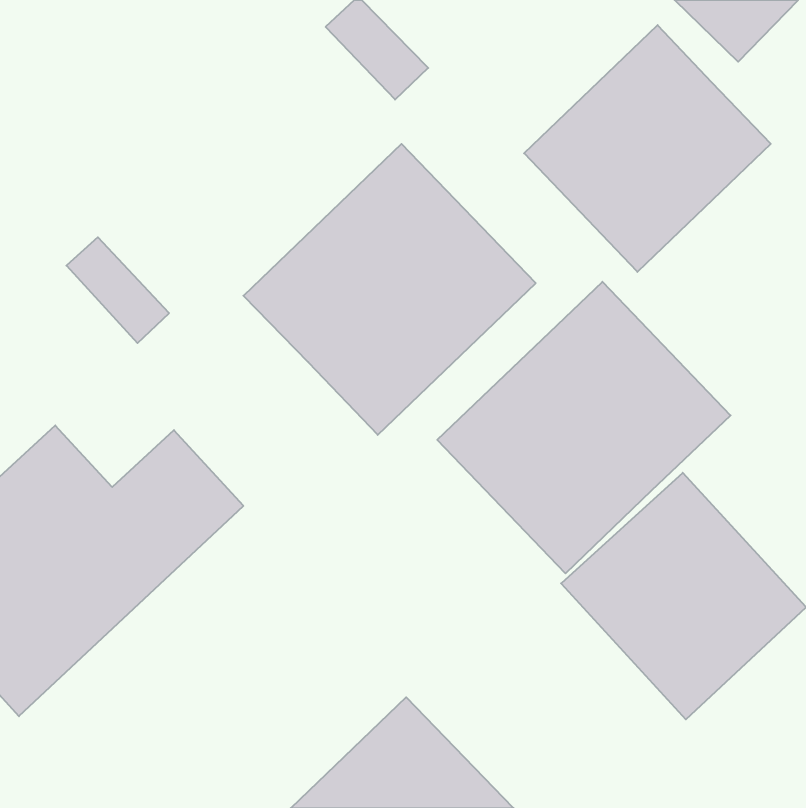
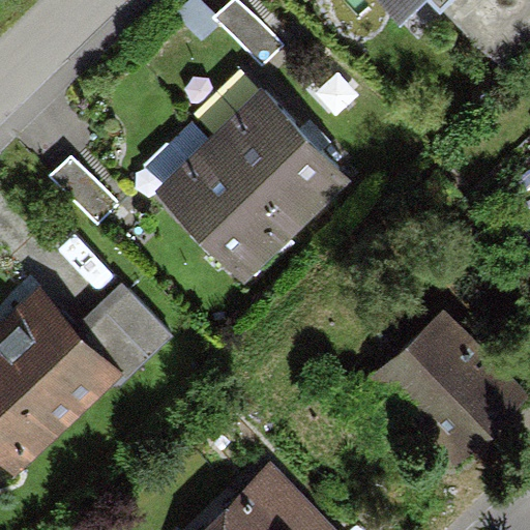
building: [524,25,771,272] -> none
building: [437,282,731,573] -> none

